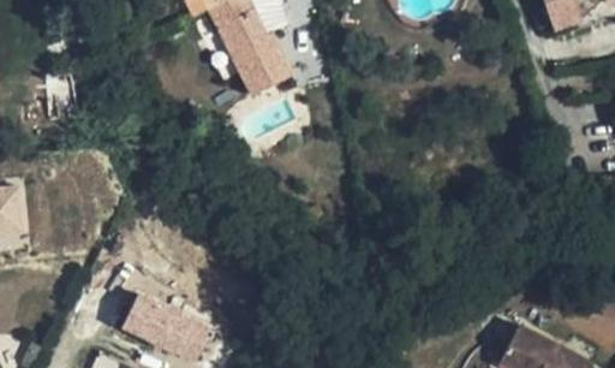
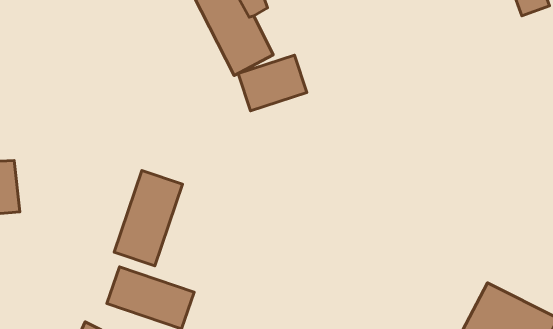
building: none -> [238,55,307,111]
building: none -> [114,171,183,266]

